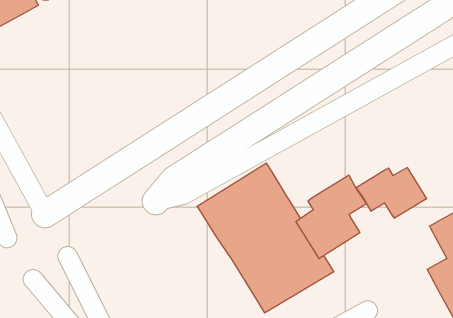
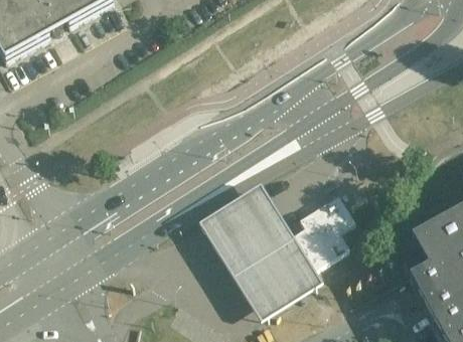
building: [356,168,427,218] -> none

